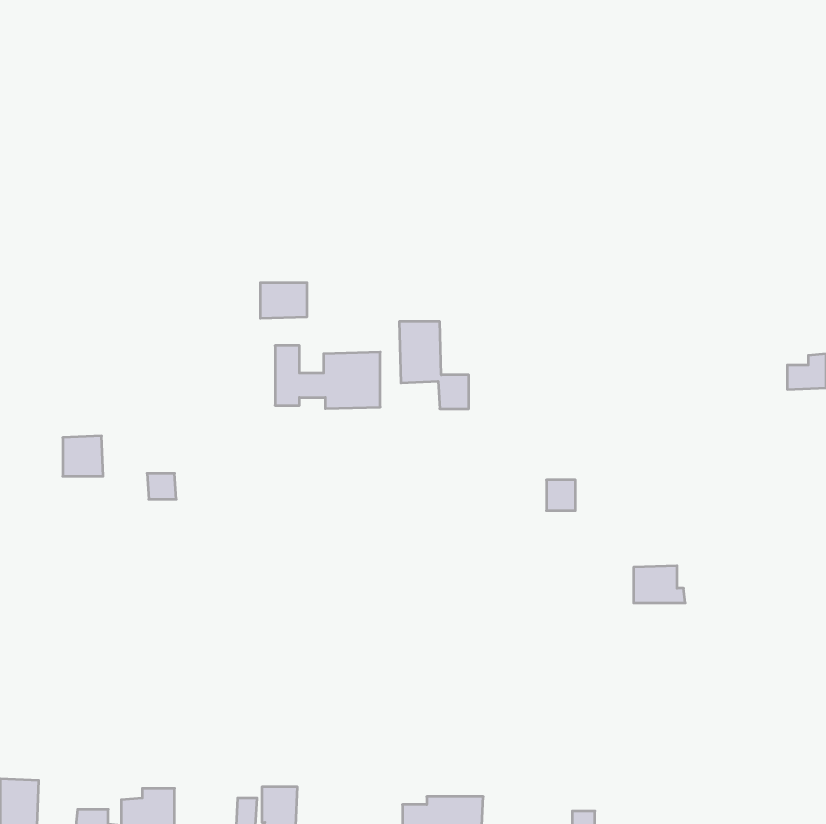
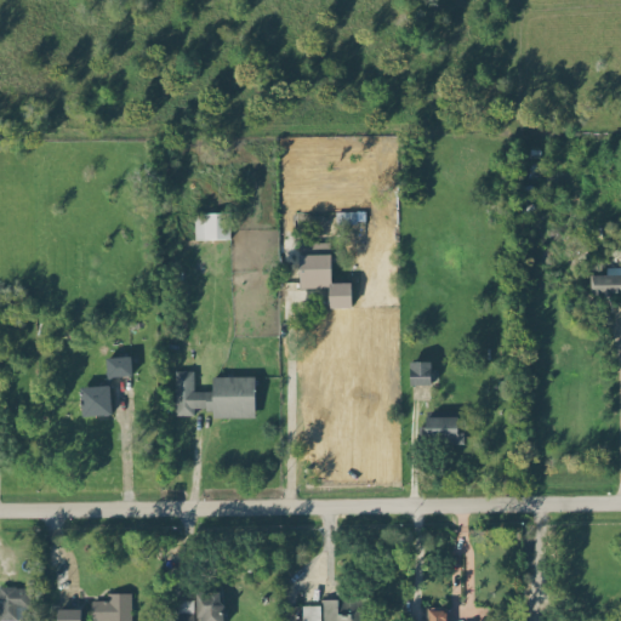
building: [275,346,380,409] -> [176,371,255,418]
building: [63,436,103,476] -> [81,386,112,416]
building: [634,566,685,603] -> [426,416,465,444]

